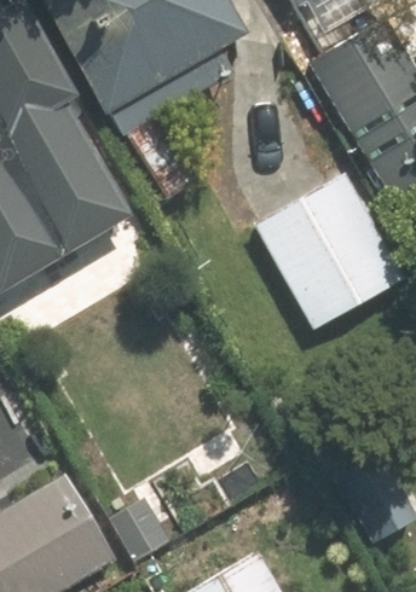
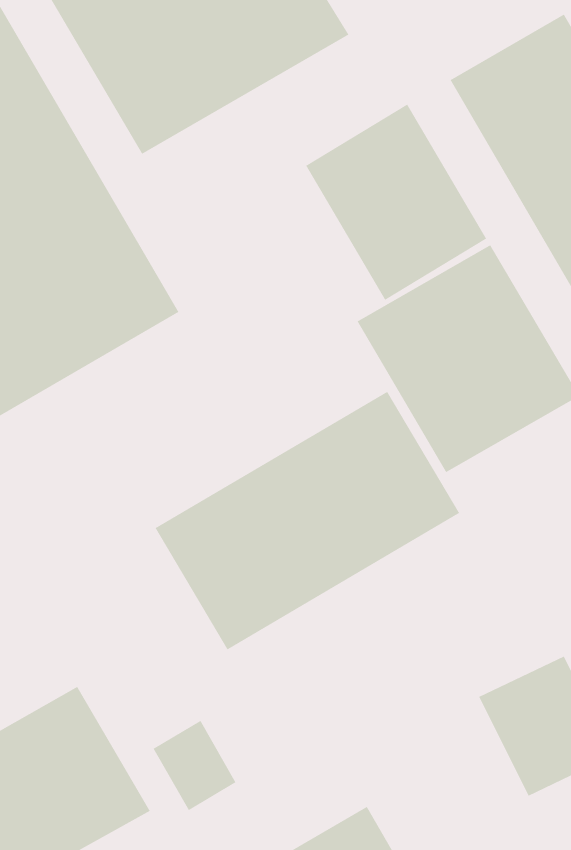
building: none -> [305,104,487,301]
building: none -> [154,391,460,650]

